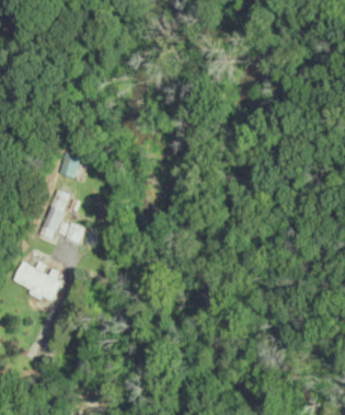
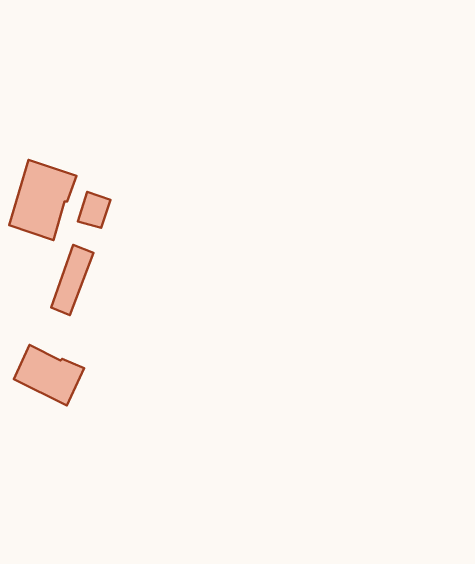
building: none -> [9,160,77,240]

